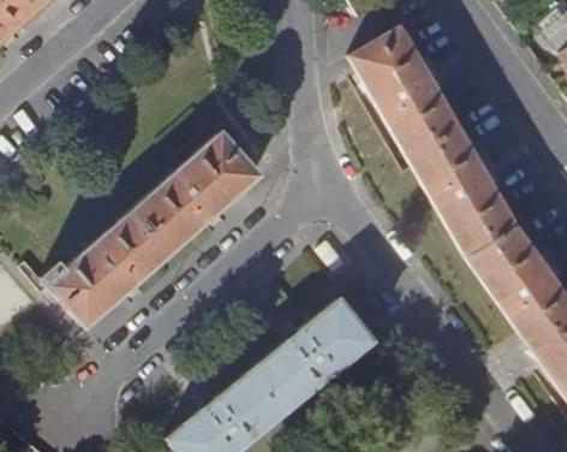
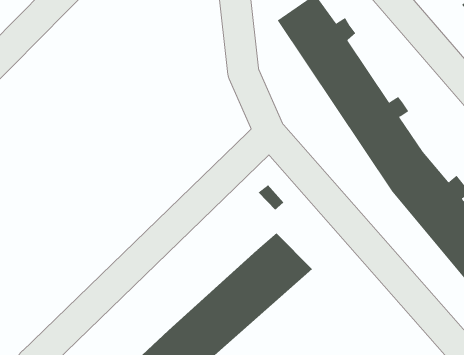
building: [52,135,264,333] -> none

